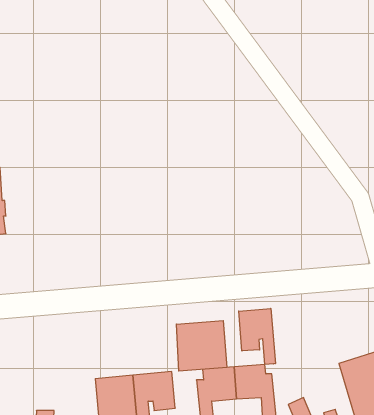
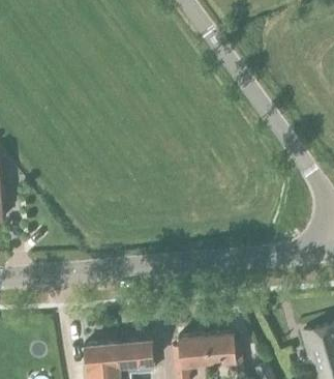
building: [239,308,275,365] -> none
building: [176,321,227,371] -> none

